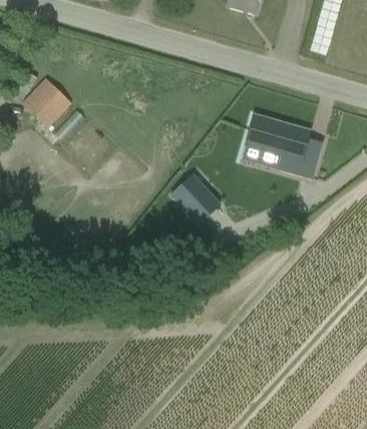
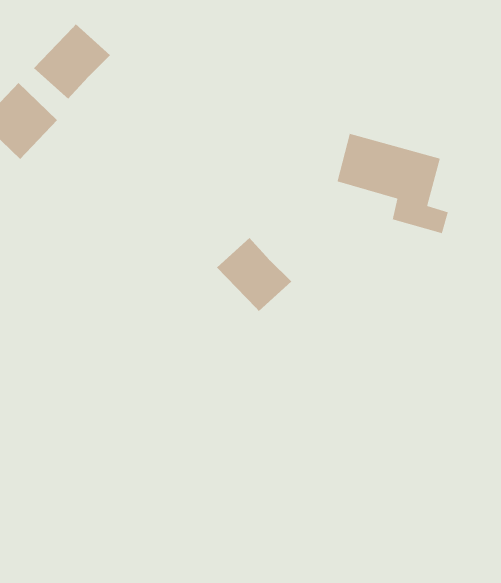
building: none -> [33,24,111,100]

